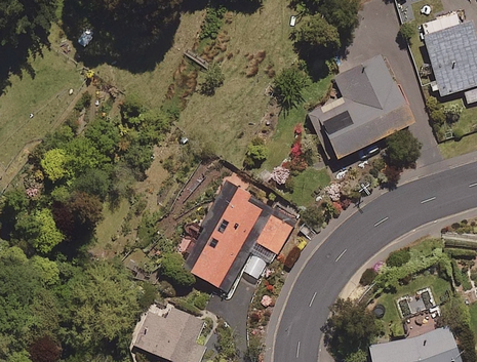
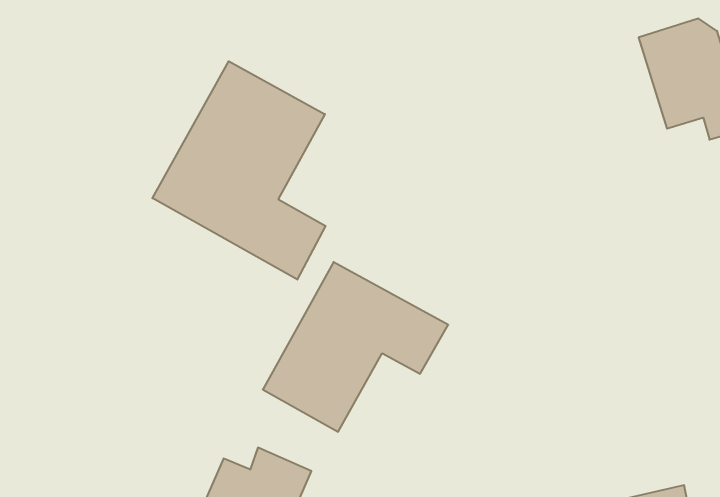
building: none -> [152,61,326,280]
building: [308,53,412,162] -> none

